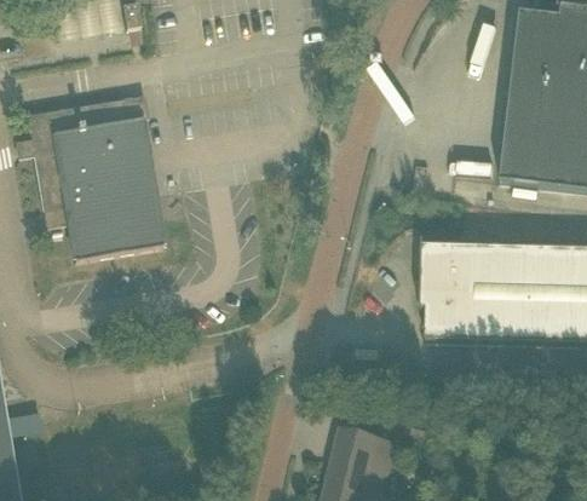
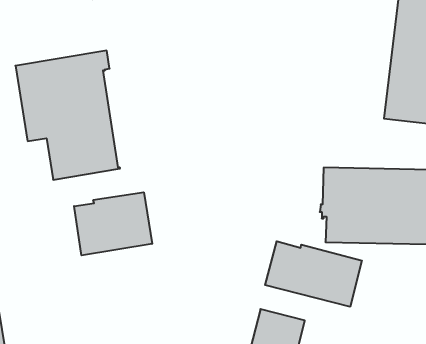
building: none -> [74,192,152,255]
building: none -> [265,241,362,307]

